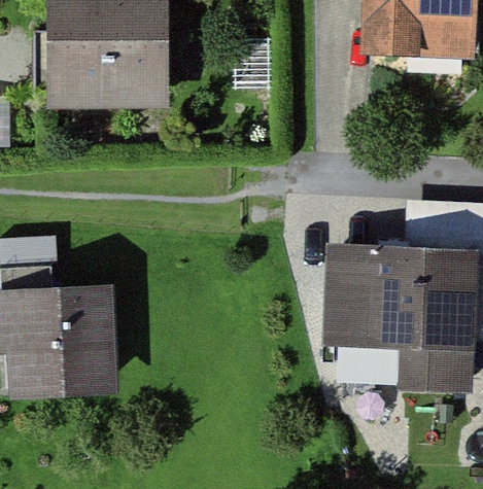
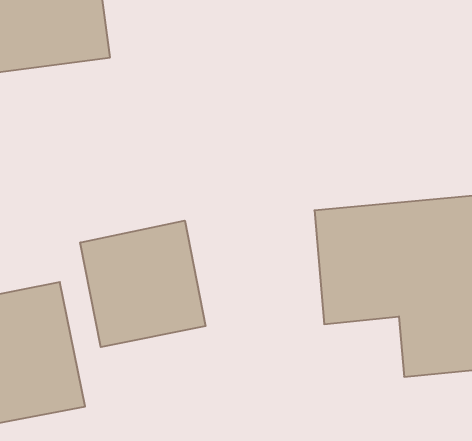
building: none -> [80,221,206,347]

